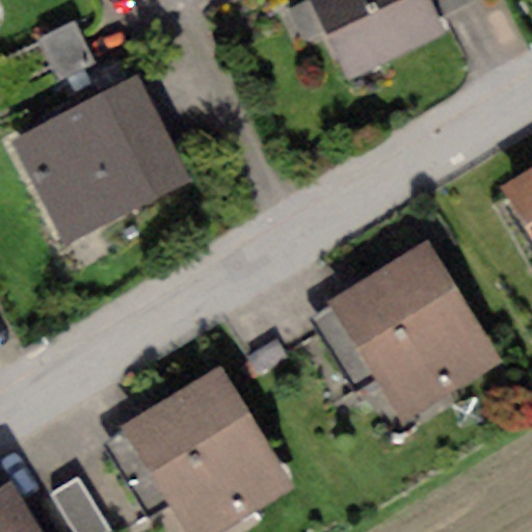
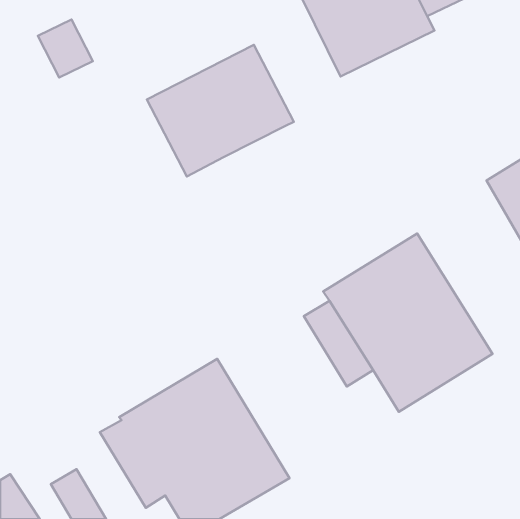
building: none -> [147,45,294,177]
building: [12,79,189,244] -> none

